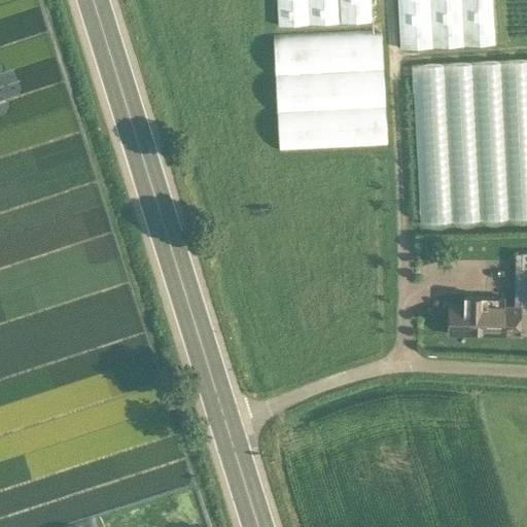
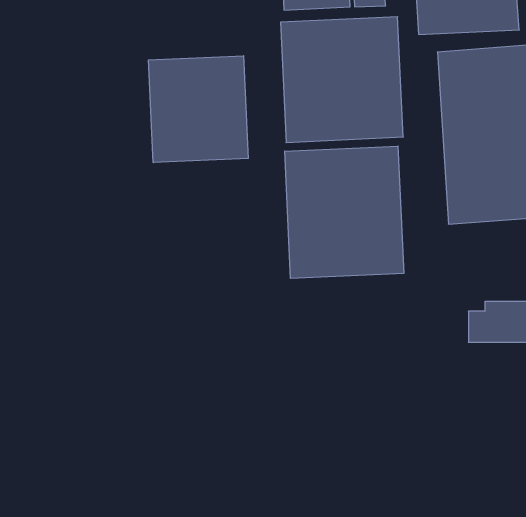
building: none -> [149,56,248,163]
building: none -> [285,146,404,278]

